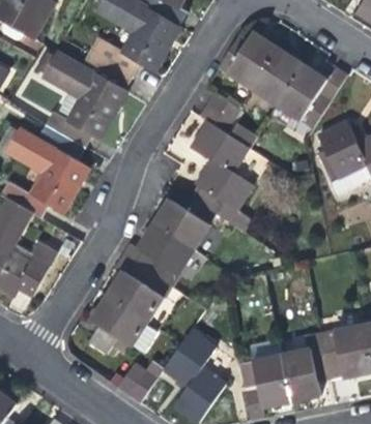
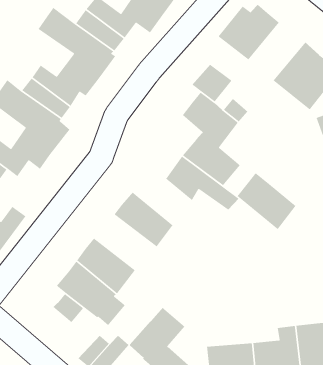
building: [250,47,302,102] -> none
building: [152,198,210,250] -> [237,172,297,230]
building: [114,241,181,298] -> none

